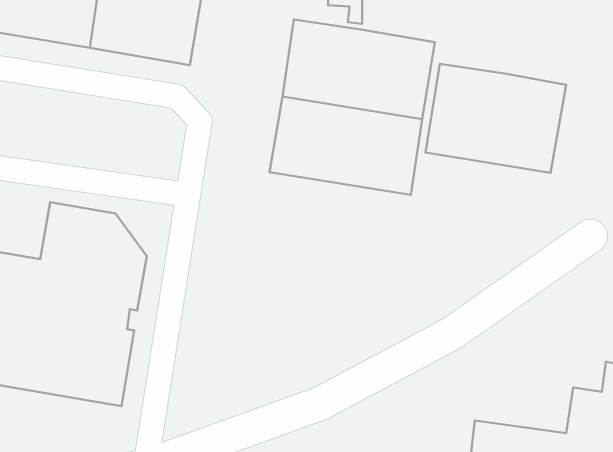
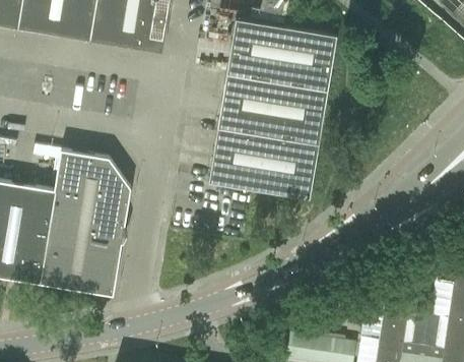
building: [426,64,566,173] -> none
building: none -> [209,127,319,197]

